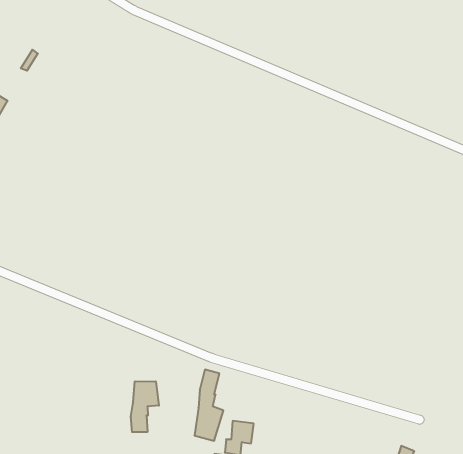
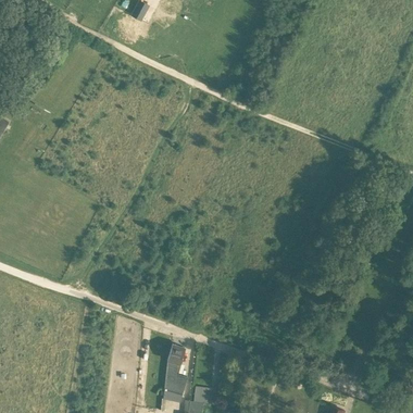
building: [131,381,159,432] -> none

